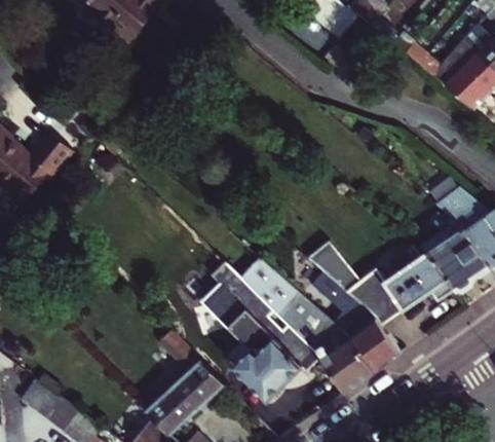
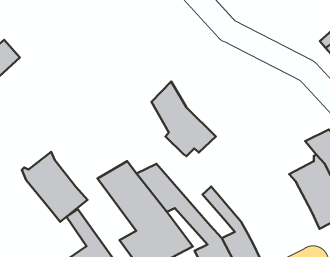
building: none -> [151,82,216,156]
building: [308,241,455,325] -> none
building: none -> [22,152,87,222]

